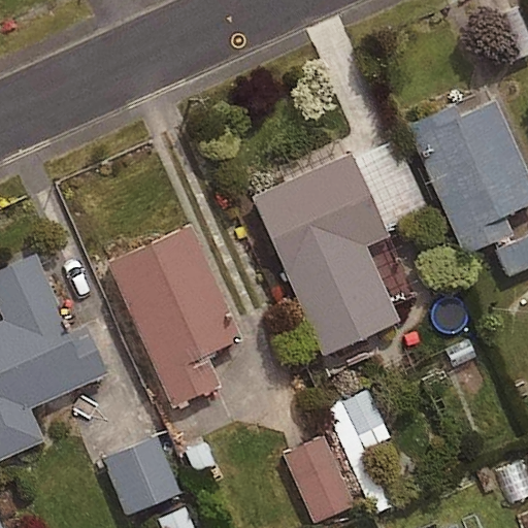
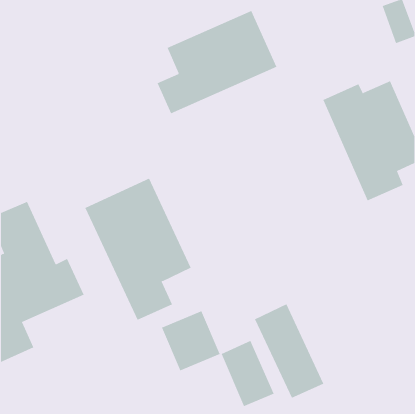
building: none -> [157,10,277,114]
building: [253,154,399,356] -> none
building: [98,431,173,508] -> [161,310,220,371]

